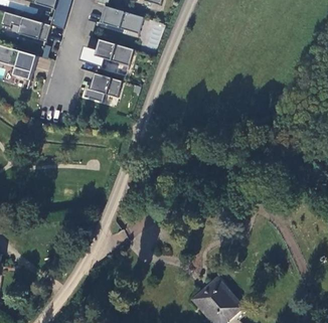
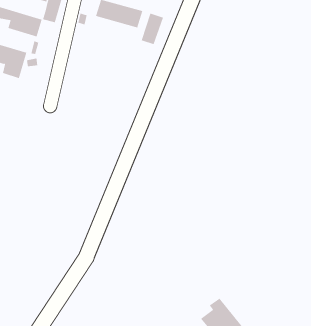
building: [95,39,133,65] -> none
building: [91,73,121,97] -> none

